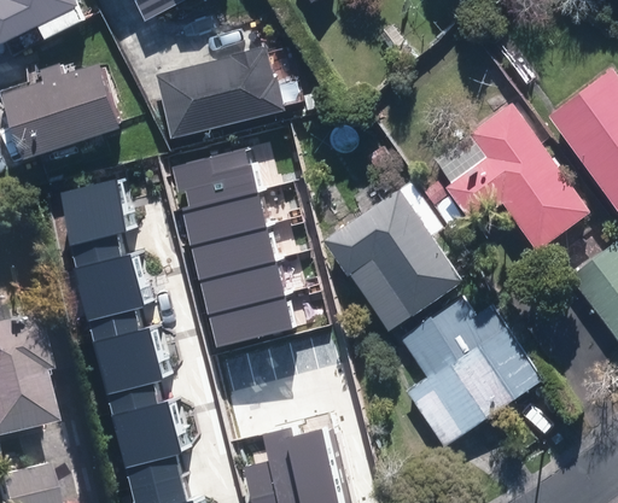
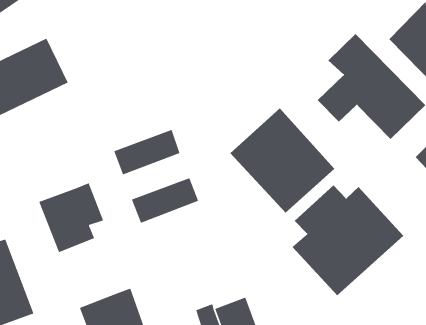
building: [159,48,284,136] -> none
building: [164,152,257,218] -> none
building: [51,180,135,273] -> none
building: [185,233,273,285] -> none
building: [200,298,290,351] -> none
building: [88,326,171,419] -> none

